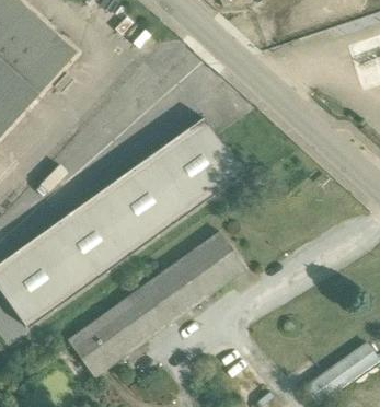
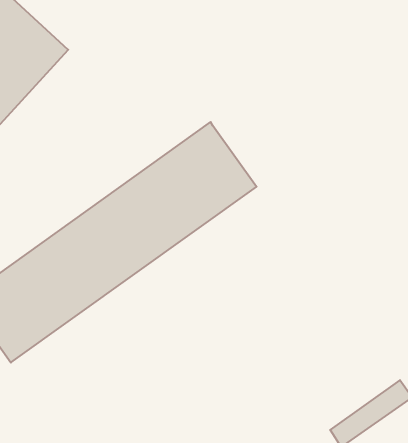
building: [69,232,245,375] -> none

